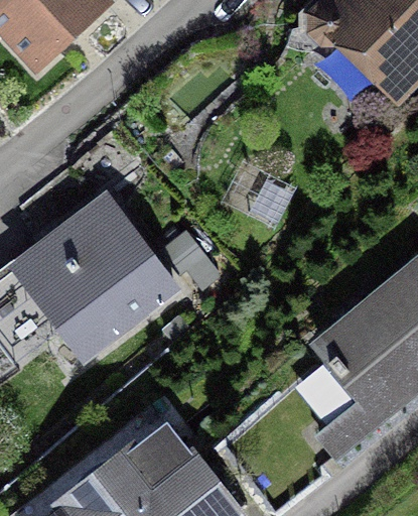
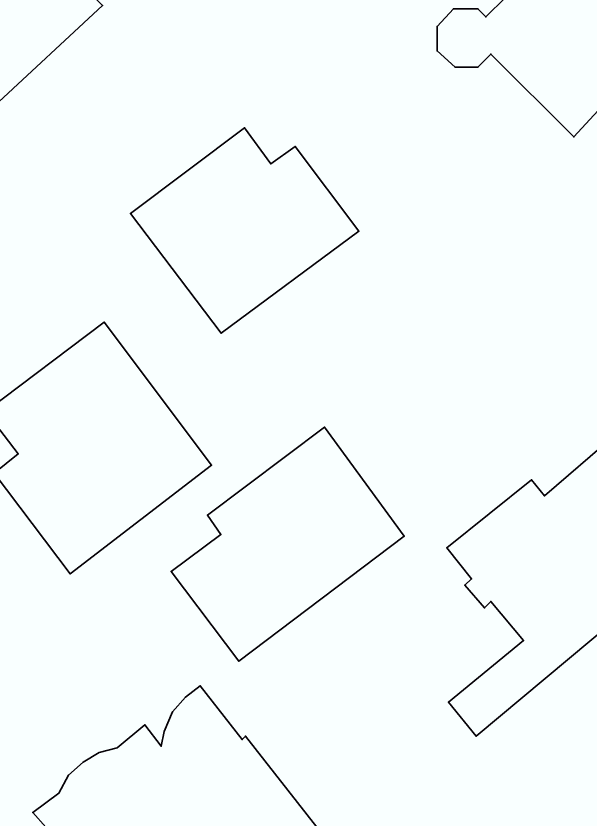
building: none -> [130,128,359,333]
building: none -> [171,427,404,661]

